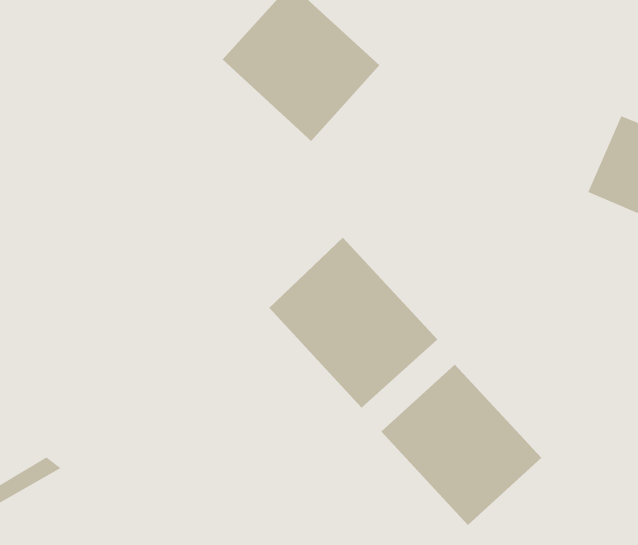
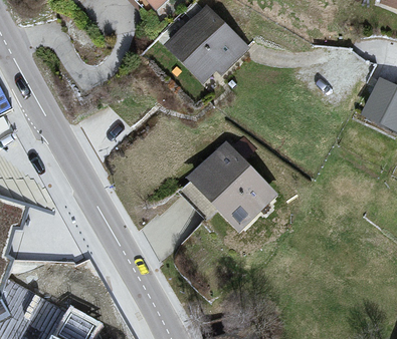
building: [380,364,542,526] -> none

